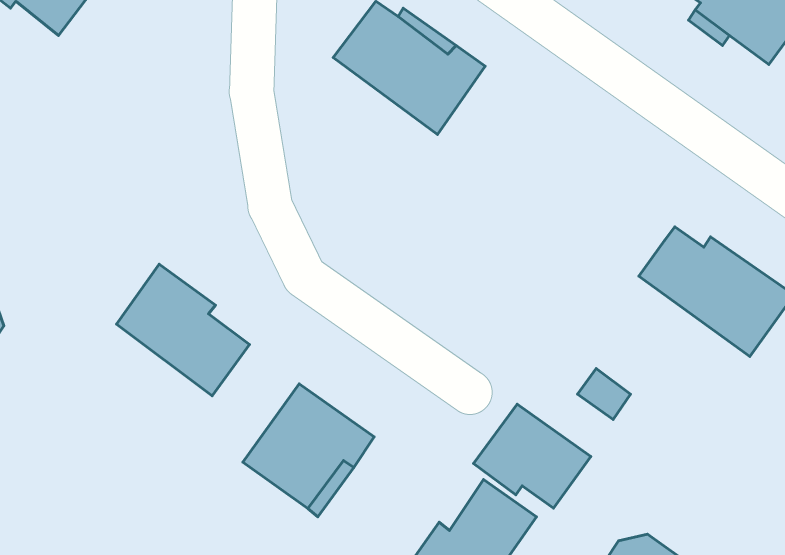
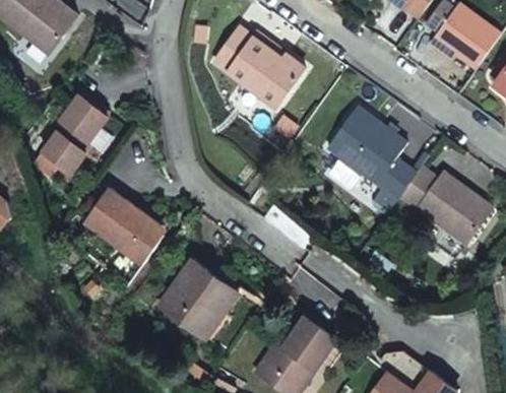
building: none -> [43,93,109,173]
building: none -> [324,107,412,211]
building: [474,404,591,508] -> none

